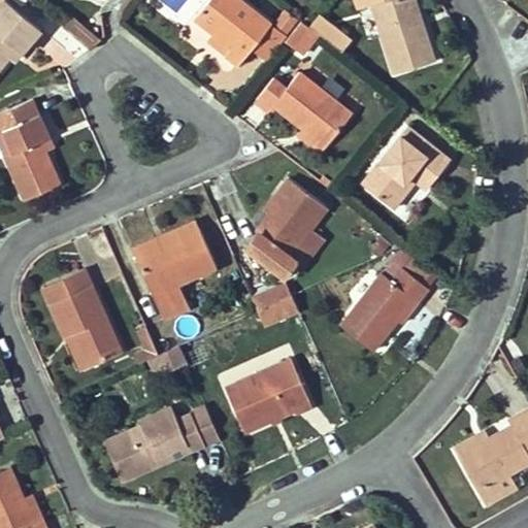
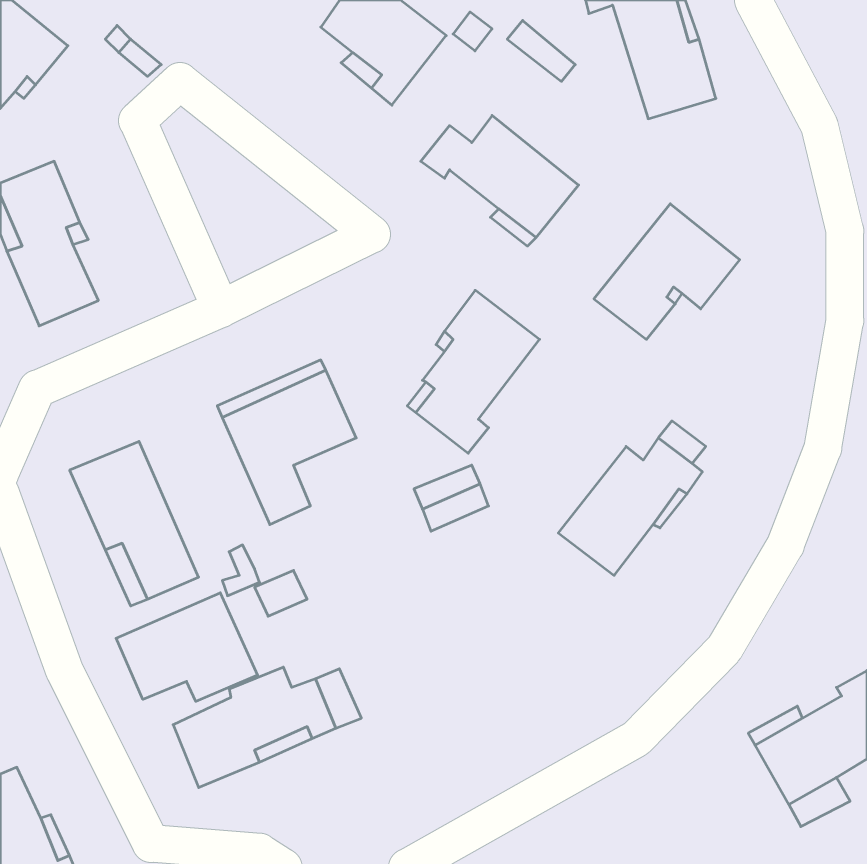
building: [225,361,309,431] -> none
building: none -> [116,593,258,701]

